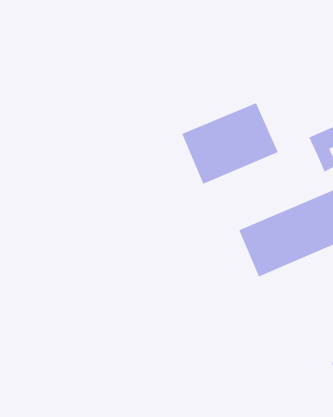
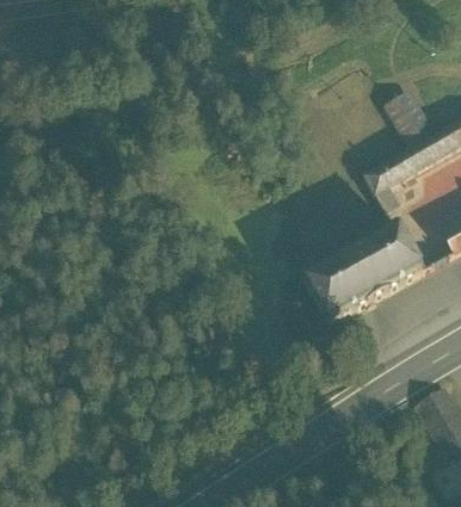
building: [181,102,279,185] -> none

